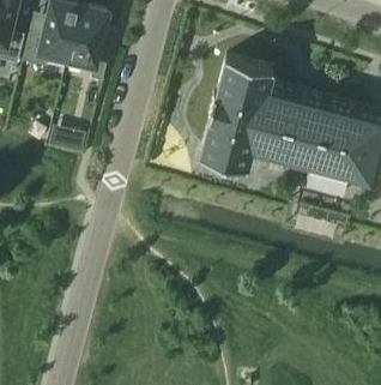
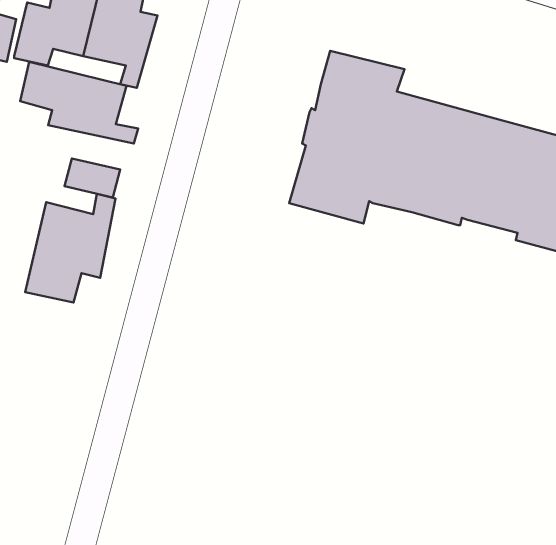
building: none -> [20,62,138,144]
building: none -> [25,194,115,302]

